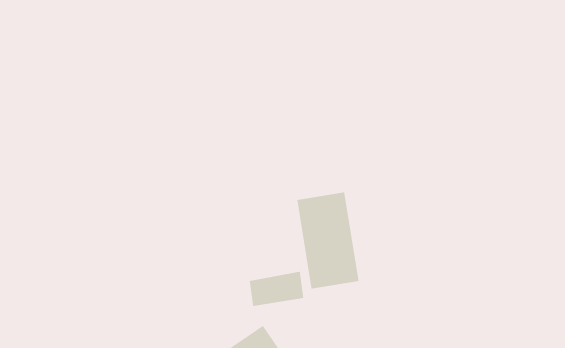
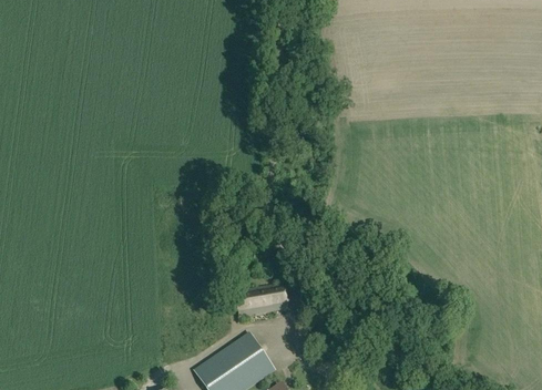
building: [296,191,360,290] -> none

